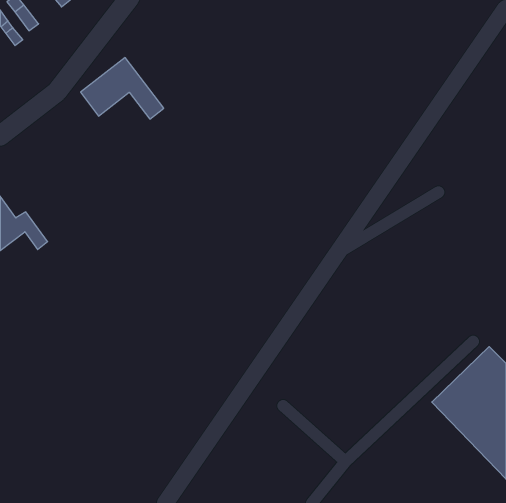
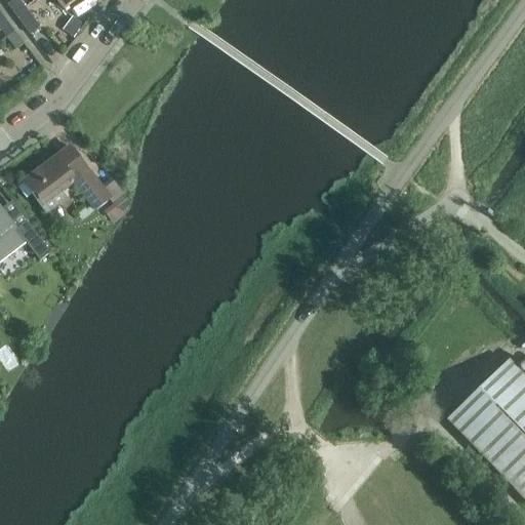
building: [81,58,164,119] -> [23,144,109,207]

